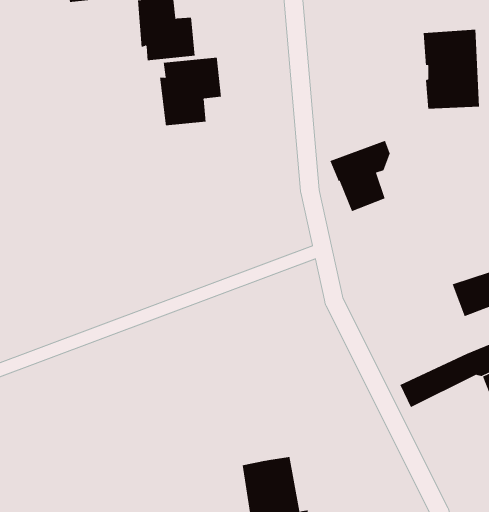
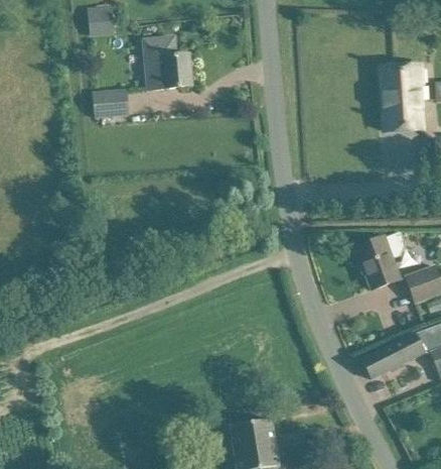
building: [160,57,221,126] -> none
building: none -> [94,89,129,116]
building: [330,140,390,212] -> [353,229,404,288]

